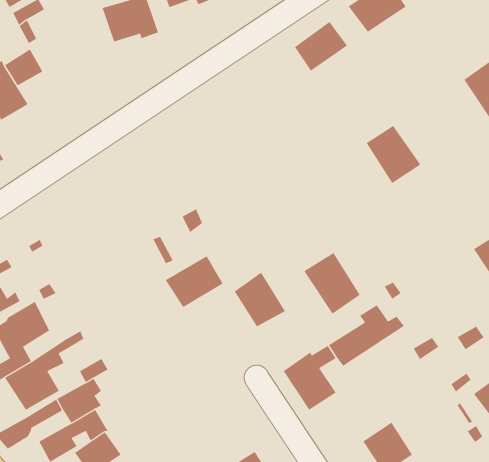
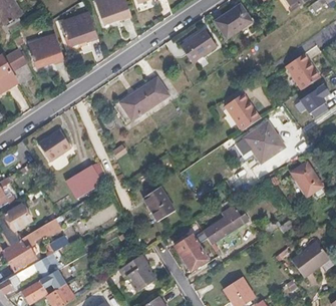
building: none -> [30,35,65,67]
building: none -> [120,77,170,119]
building: none -> [246,120,283,161]
building: none -> [37,130,69,163]
building: [304,252,361,315] -> none
building: [165,256,224,308] -> [64,166,100,198]
building: none -> [117,254,154,290]

